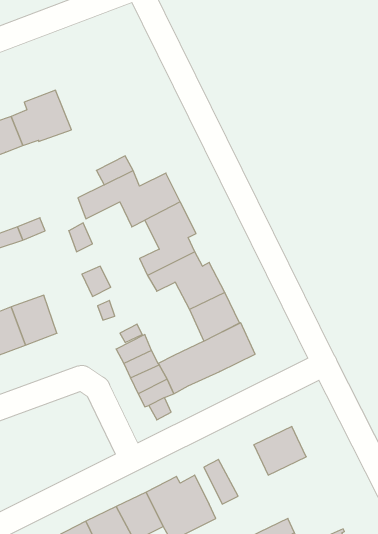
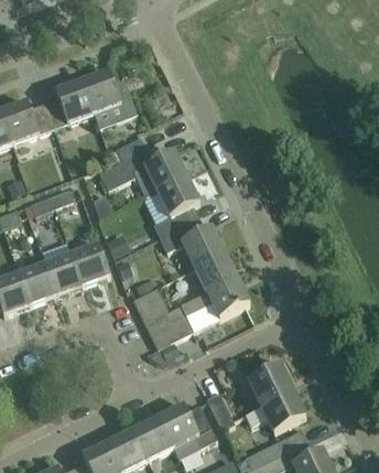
building: none -> [82,71,136,126]
building: none -> [72,243,110,284]
building: none -> [243,388,305,429]

